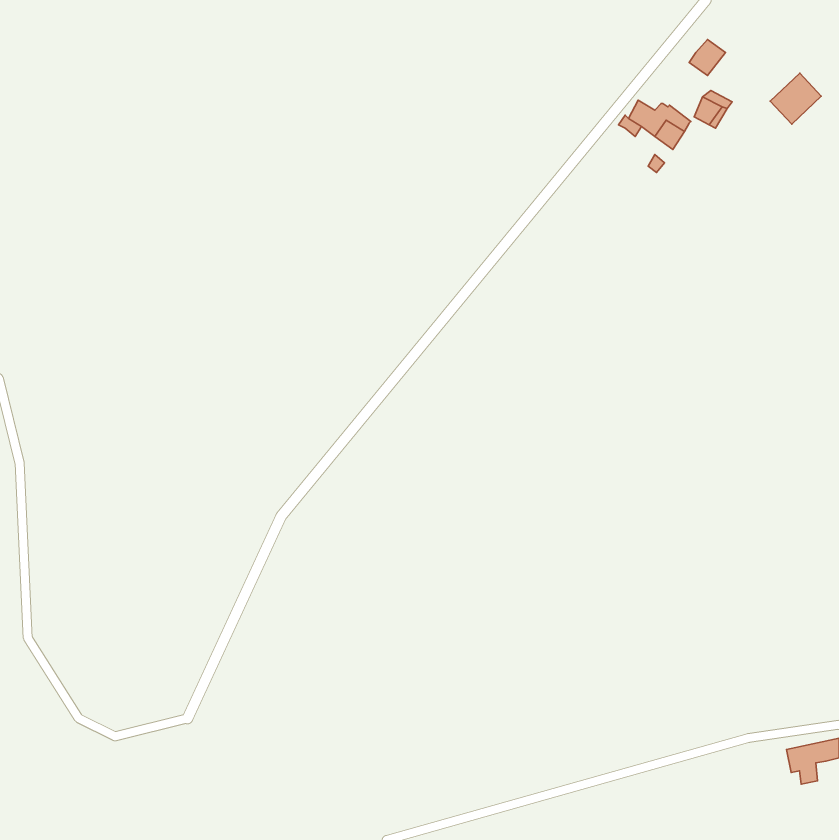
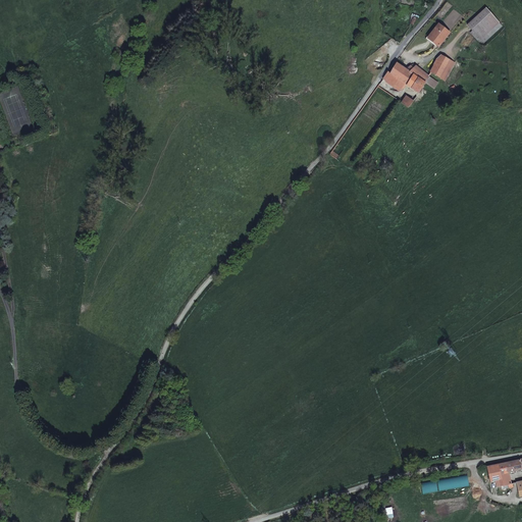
building: [770,73,821,124] -> [467,7,499,39]

